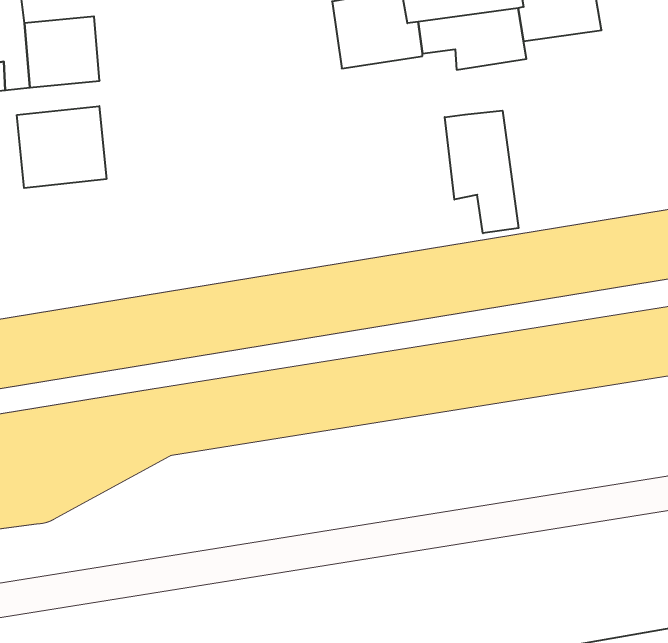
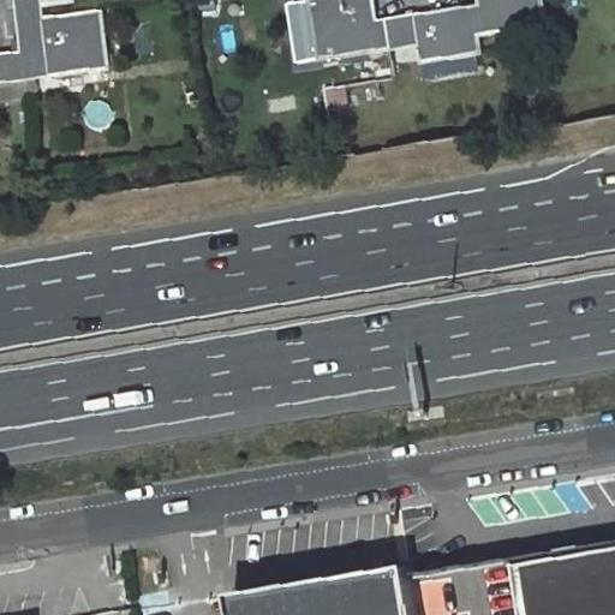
building: [17,106,106,188] -> none
building: [445,111,519,233] -> none

